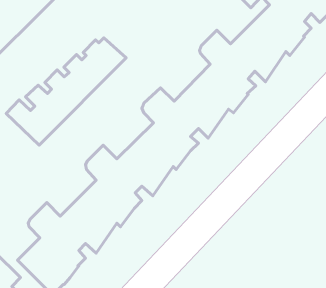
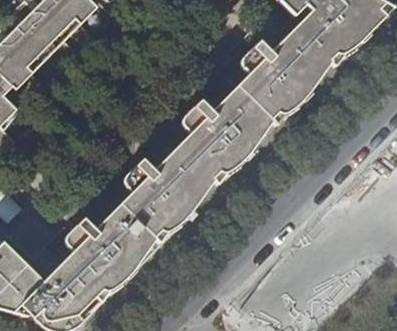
building: [6,38,126,145] -> none

